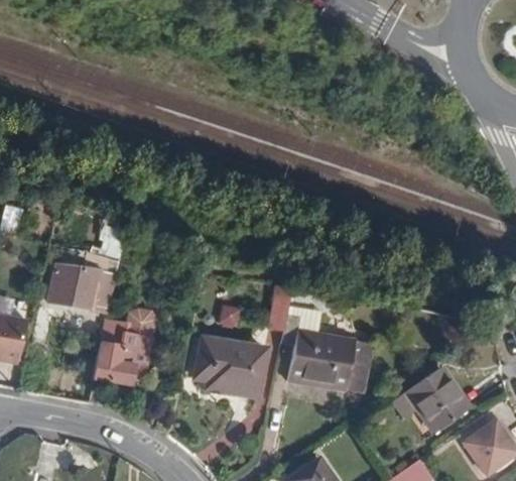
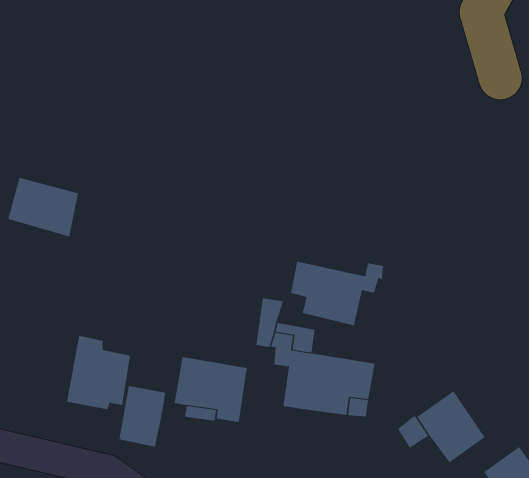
building: none -> [291,261,384,326]
building: [50,261,114,315] -> [7,177,79,237]
building: none -> [119,385,166,447]

